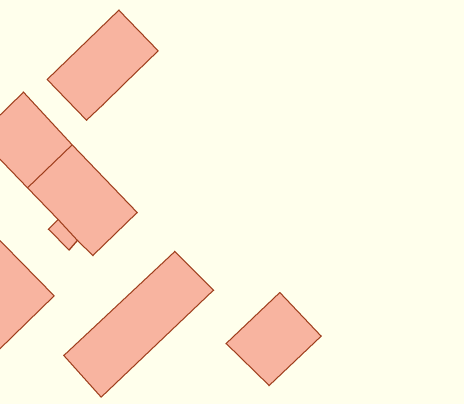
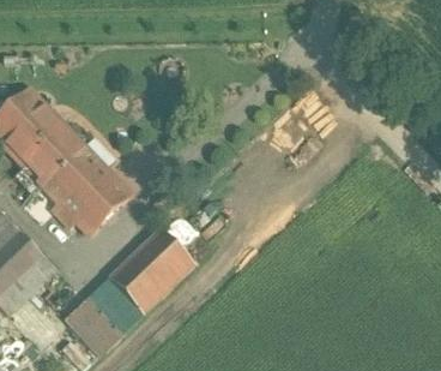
building: [47,10,158,120] -> none
building: [226,293,321,386] -> none

